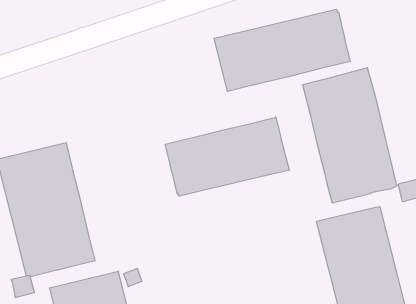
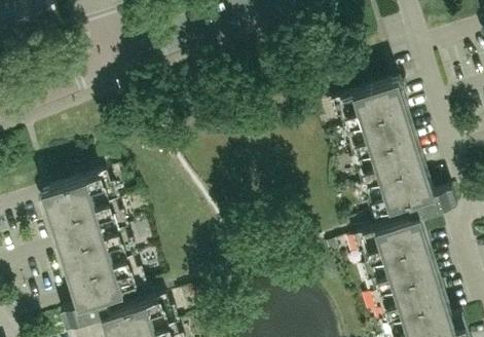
building: [214,9,350,92] -> none
building: [165,117,289,196] -> none

